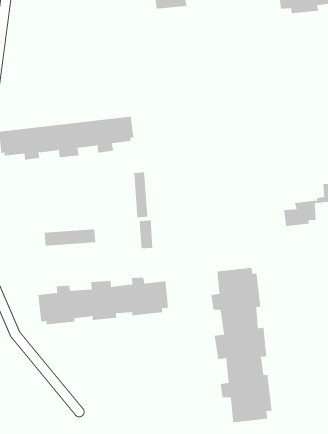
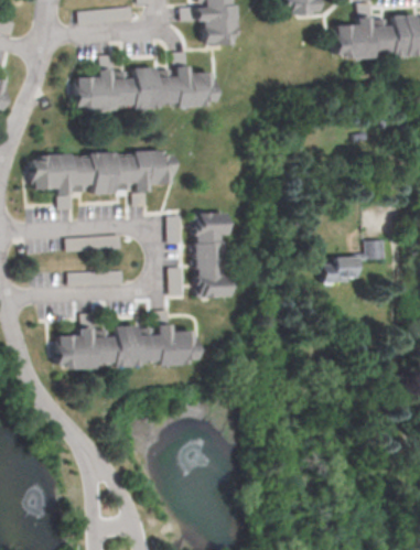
building: none -> [74,67,214,106]
building: none -> [192,213,229,300]
building: none -> [66,236,121,251]
building: [211,267,272,423] -> none

